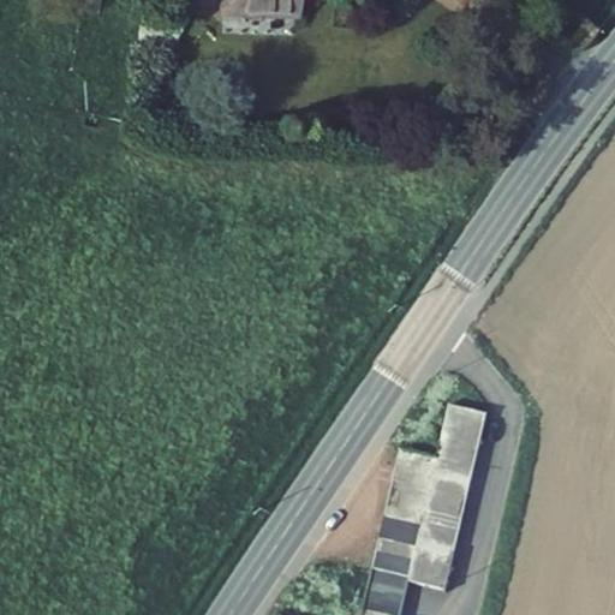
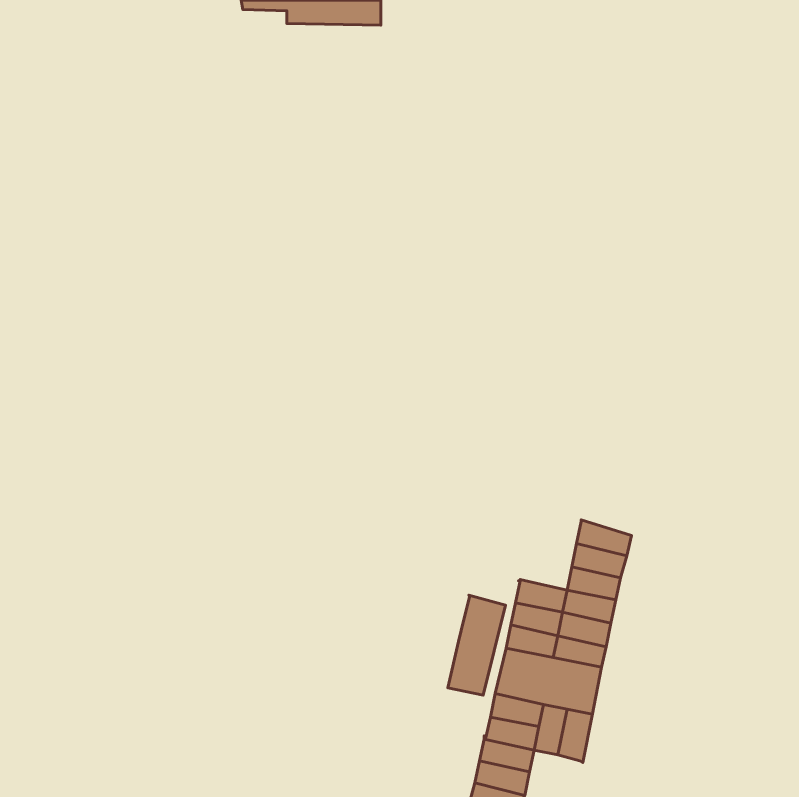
building: none -> [448,595,506,695]

